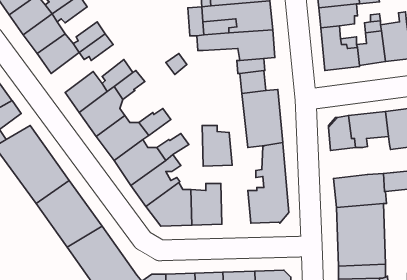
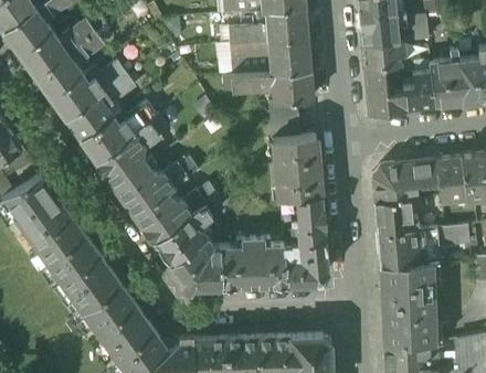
building: none -> [65,95,112,139]
building: [202,125,232,166] -> [253,239,286,285]
building: none -> [374,200,415,234]

